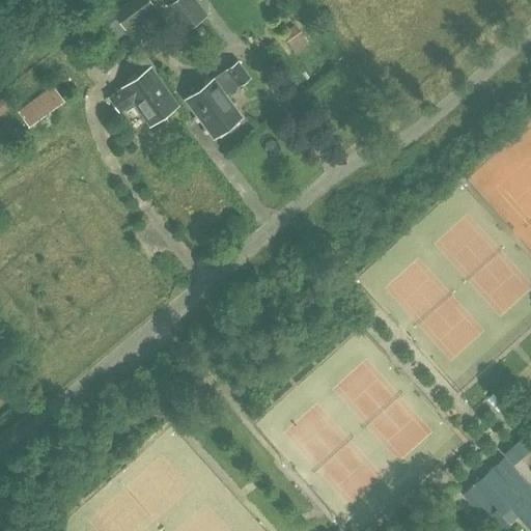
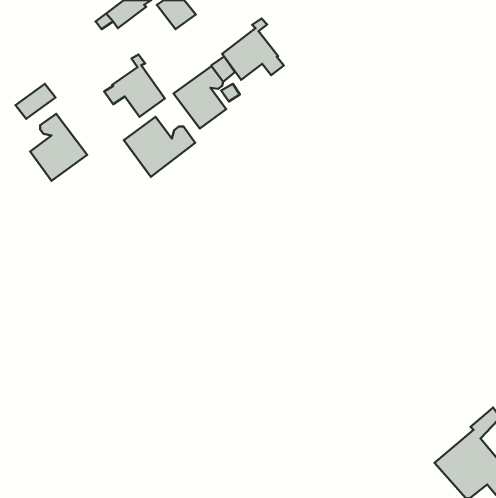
building: none -> [222,18,284,80]
building: none -> [30,114,87,181]
building: none -> [124,117,195,177]

